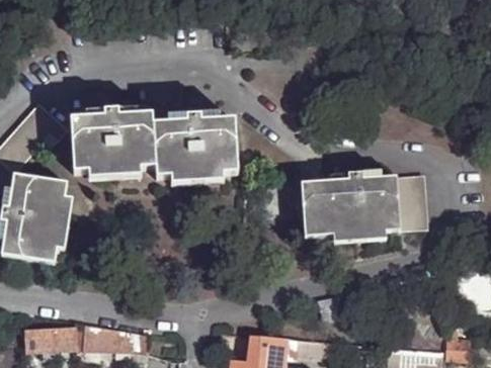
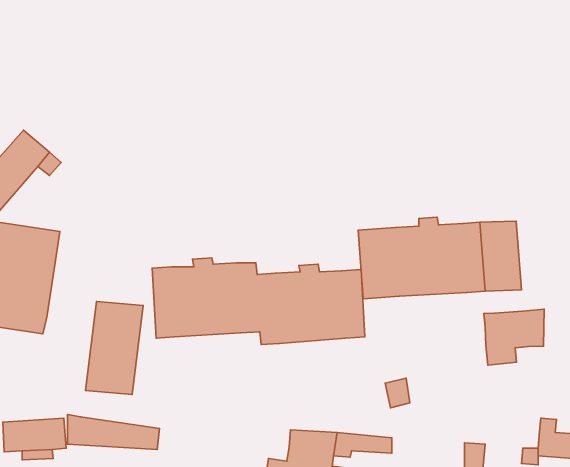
building: [72,110,238,178] -> [152,258,365,345]
building: none -> [86,301,143,394]
building: none -> [484,309,544,365]

